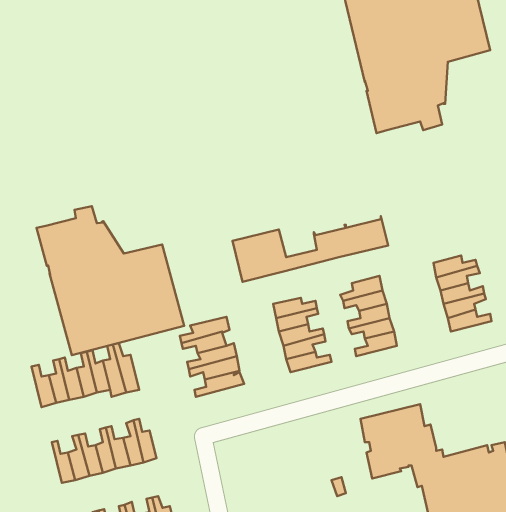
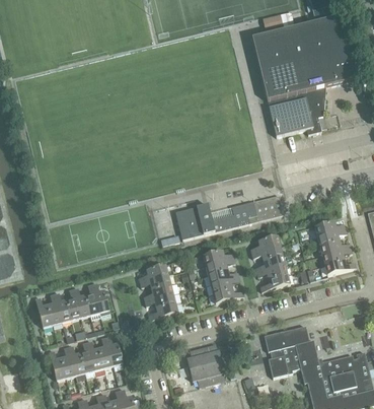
building: [37,206,184,355] -> none
building: none -> [186,342,224,385]

